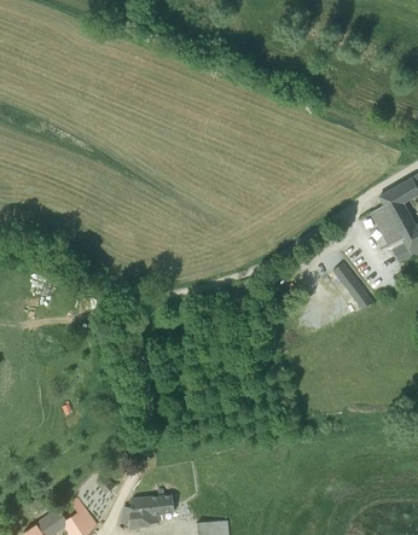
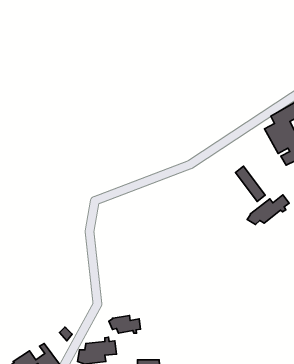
building: none -> [247,195,289,224]
building: none -> [109,316,141,333]

